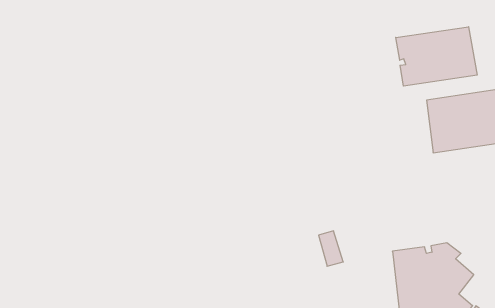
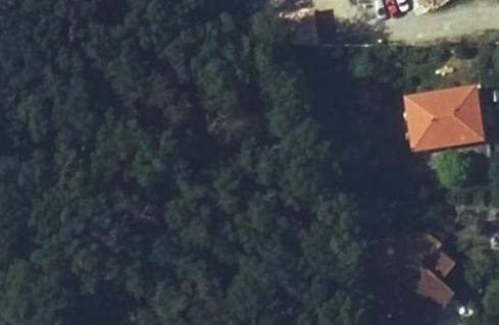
building: [396,27,477,86] -> none

